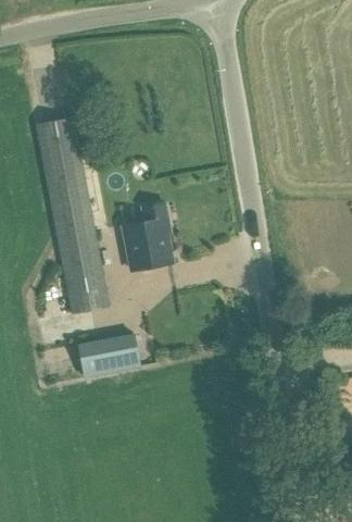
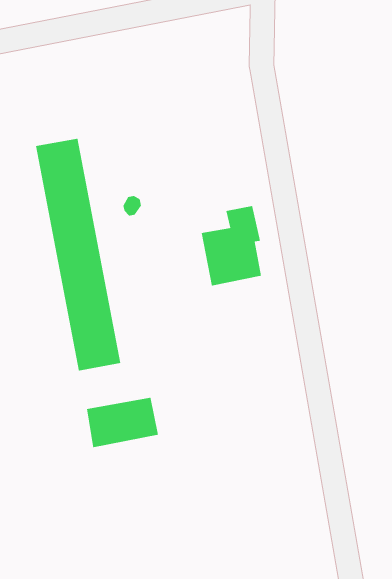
building: [121,202,172,270] -> [201,206,262,286]

